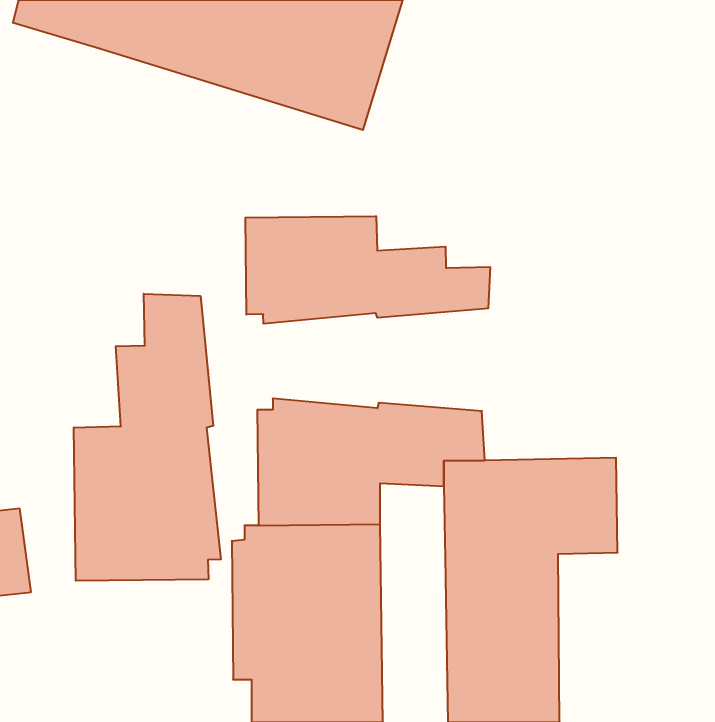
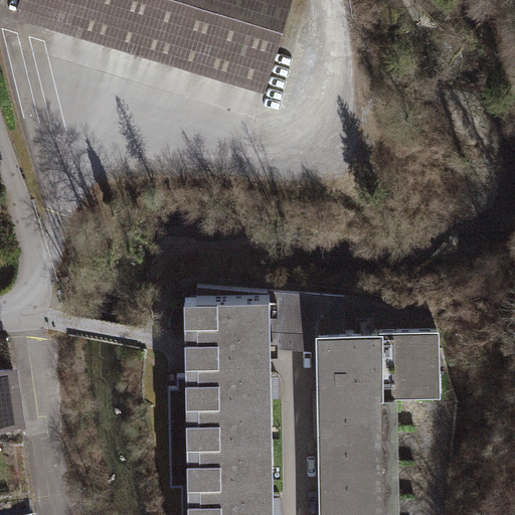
building: [245,216,490,324] -> none
building: [74,294,221,581] -> none

